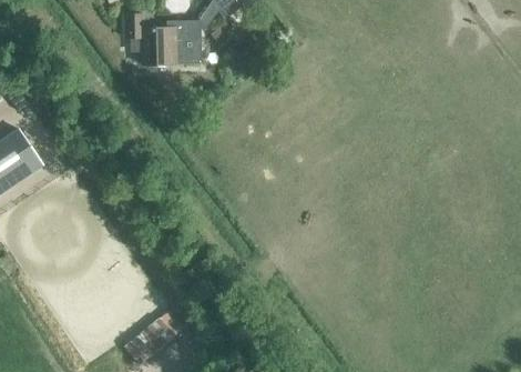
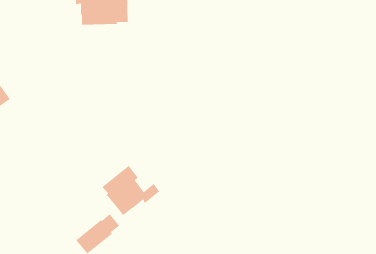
building: none -> [102,165,160,216]

